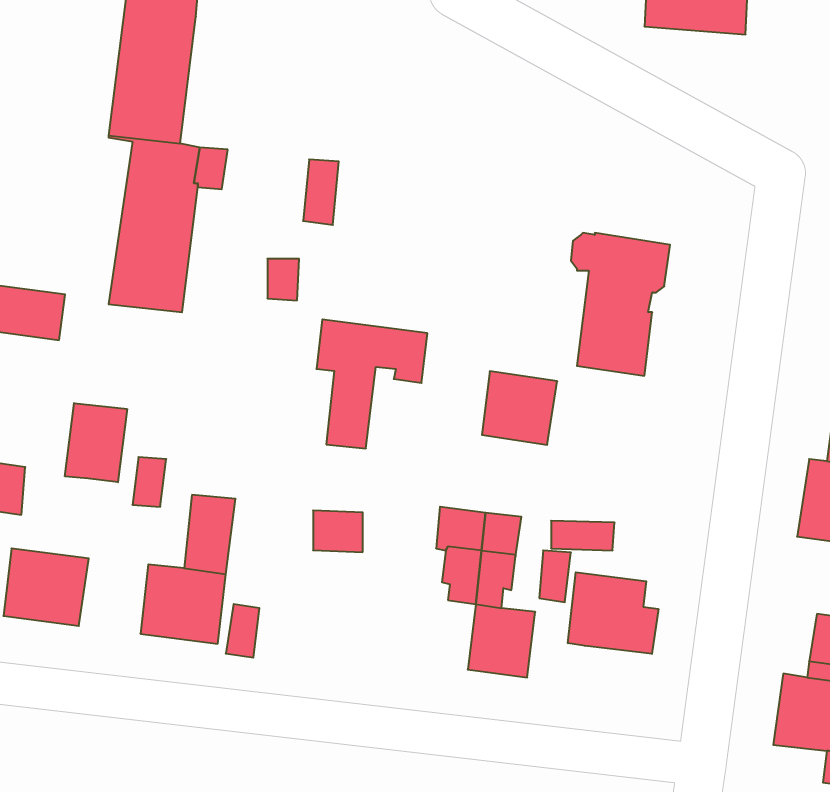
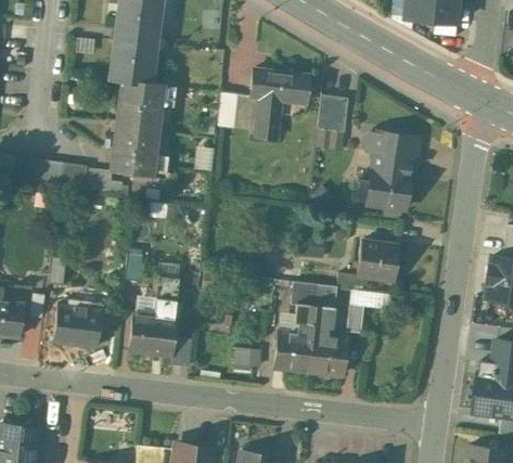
building: none -> [318,95,348,132]
building: [316,319,427,448] -> [249,69,310,140]
building: [482,371,557,445] -> [358,241,399,281]
building: [65,403,127,482] -> none
building: [313,510,363,552] -> [235,346,262,369]
building: [568,572,658,654] -> none
building: none -> [274,331,312,372]

